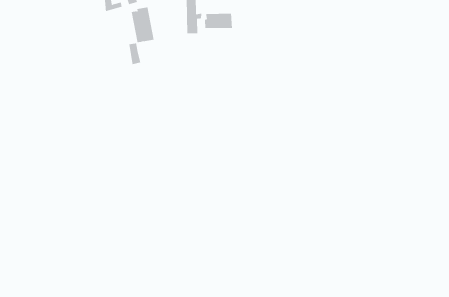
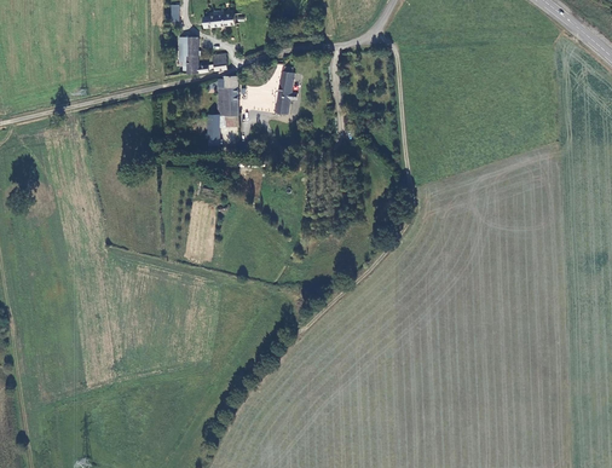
building: [204,13,232,29] -> none

